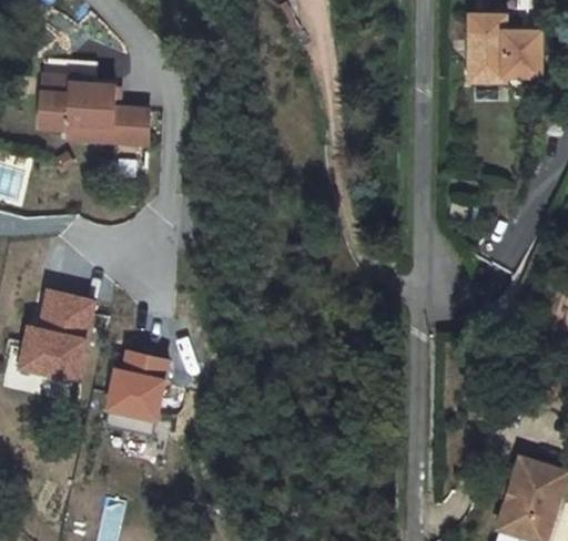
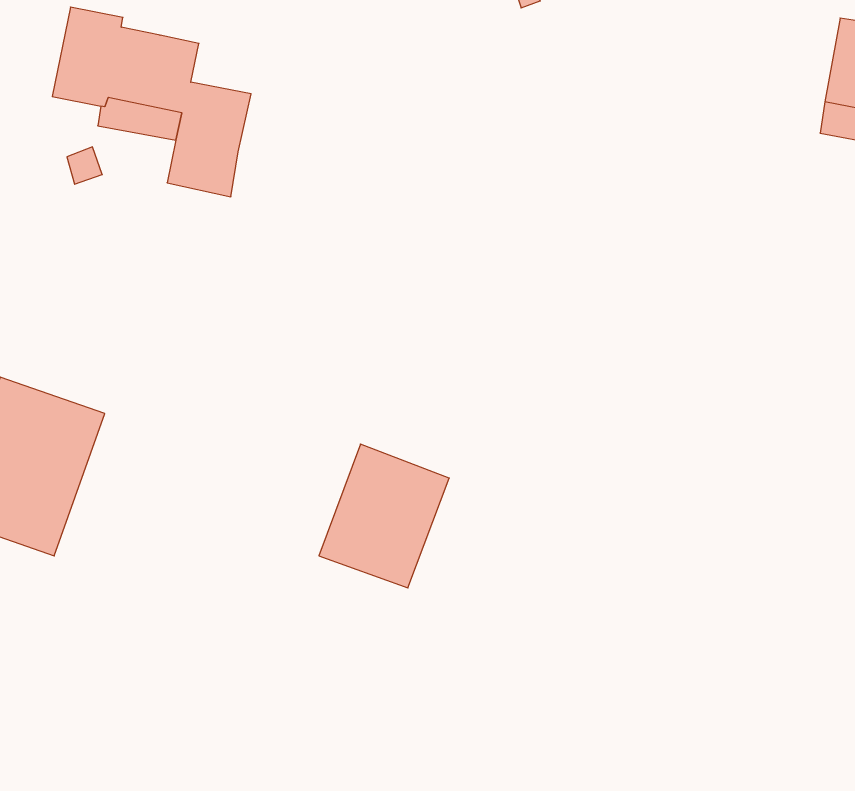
building: [108,346,173,421] -> [319,444,449,588]

